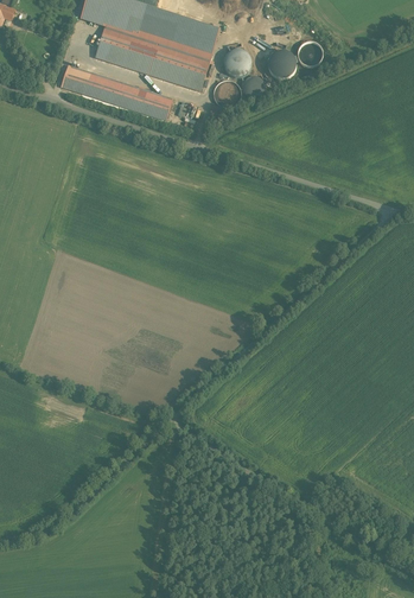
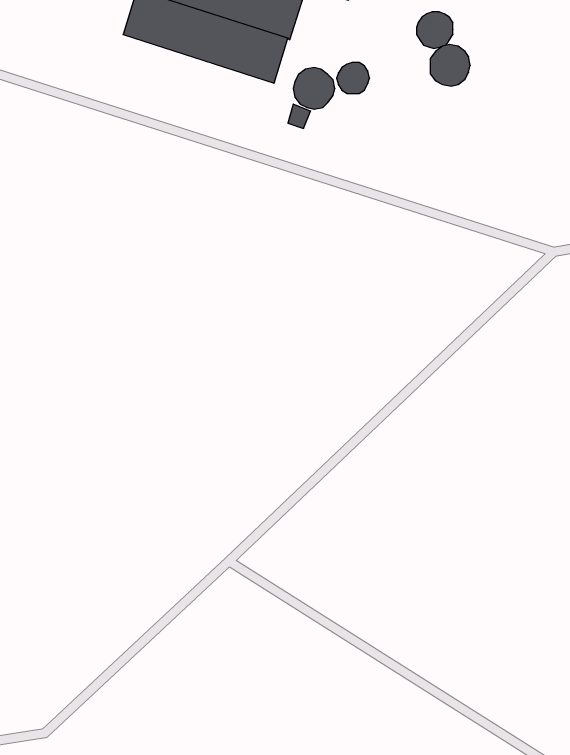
building: [223,47,250,76] -> none
building: [268,50,295,78] -> [430,44,470,86]
building: [59,63,172,120] -> none

